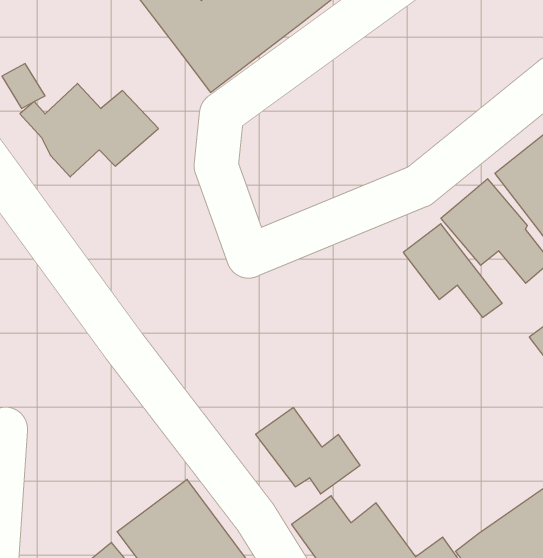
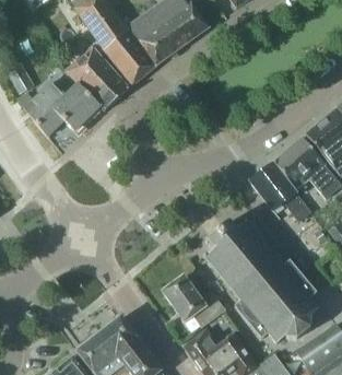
building: none -> [68,46,130,109]
building: none -> [204,222,318,344]

